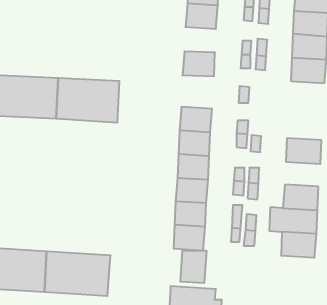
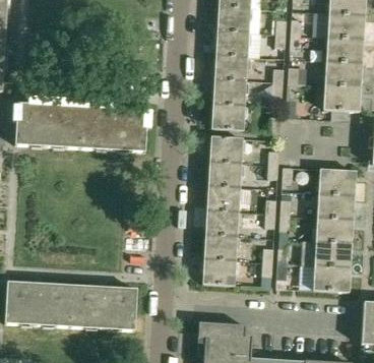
building: none -> [213,54,246,80]
building: none -> [210,104,244,130]
building: none -> [317,193,354,219]
building: [181,250,206,283] -> none

